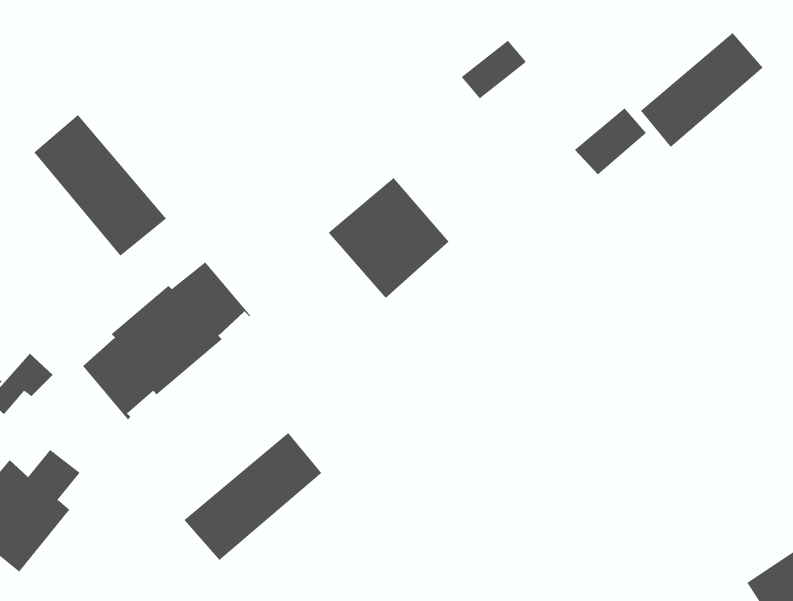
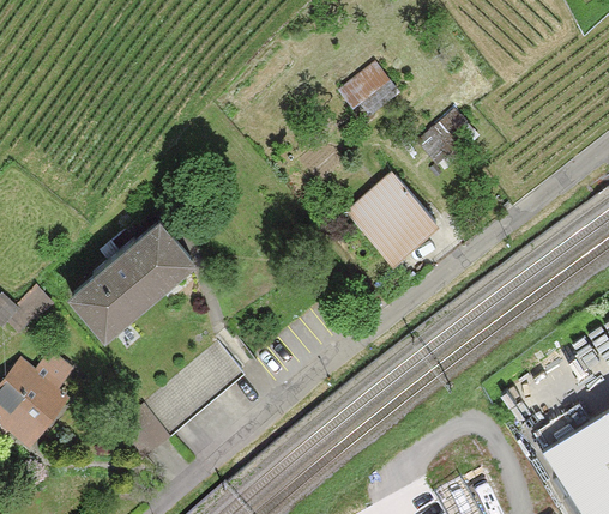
building: [640,32,764,148] -> none
building: [33,114,167,257] -> none
building: [328,177,450,299] -> [349,177,435,264]

